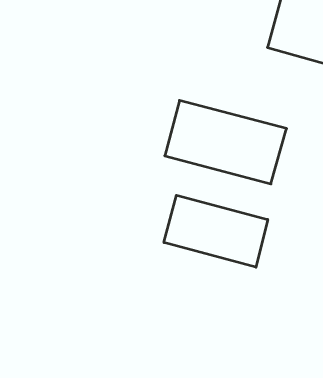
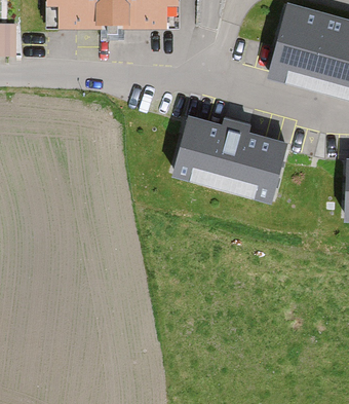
building: [164,195,268,267] -> none

